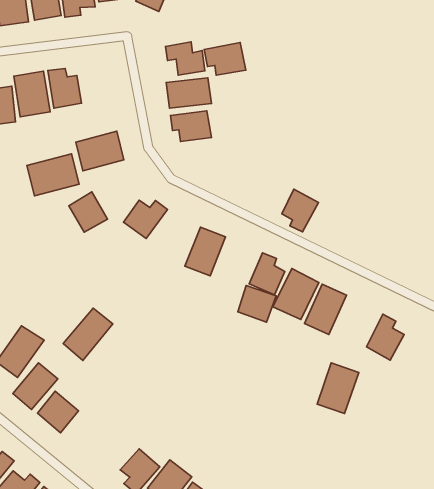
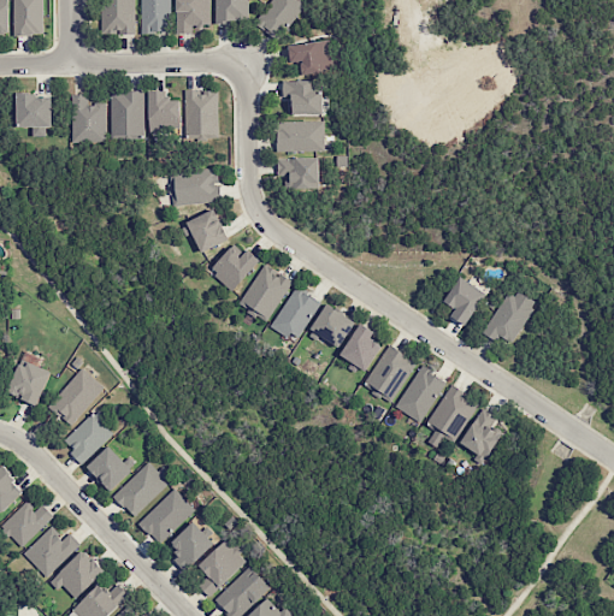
building: [204,42,246,75] -> [288,41,331,73]
building: none -> [184,89,219,138]
building: [27,154,79,196] -> none
building: [282,189,318,232] -> [443,276,485,324]
building: [69,192,108,232] -> [187,208,228,251]
building: none -> [483,286,538,348]
building: none -> [238,263,293,322]
building: [238,286,276,322] -> [311,303,355,346]
building: [63,308,113,361] -> [113,460,171,516]
building: [317,363,359,413] -> [426,385,477,443]
building: none -> [138,488,195,544]

